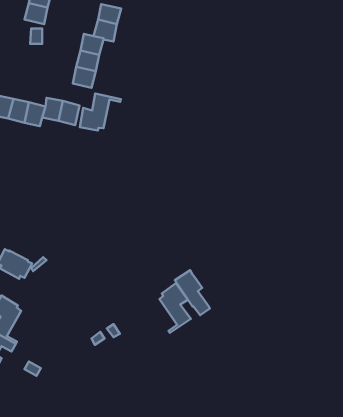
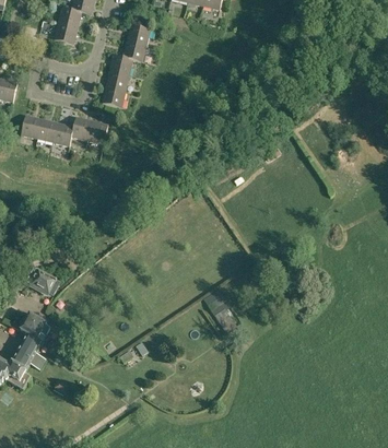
building: [80,94,121,130] -> none
building: [159,283,191,333] -> none

